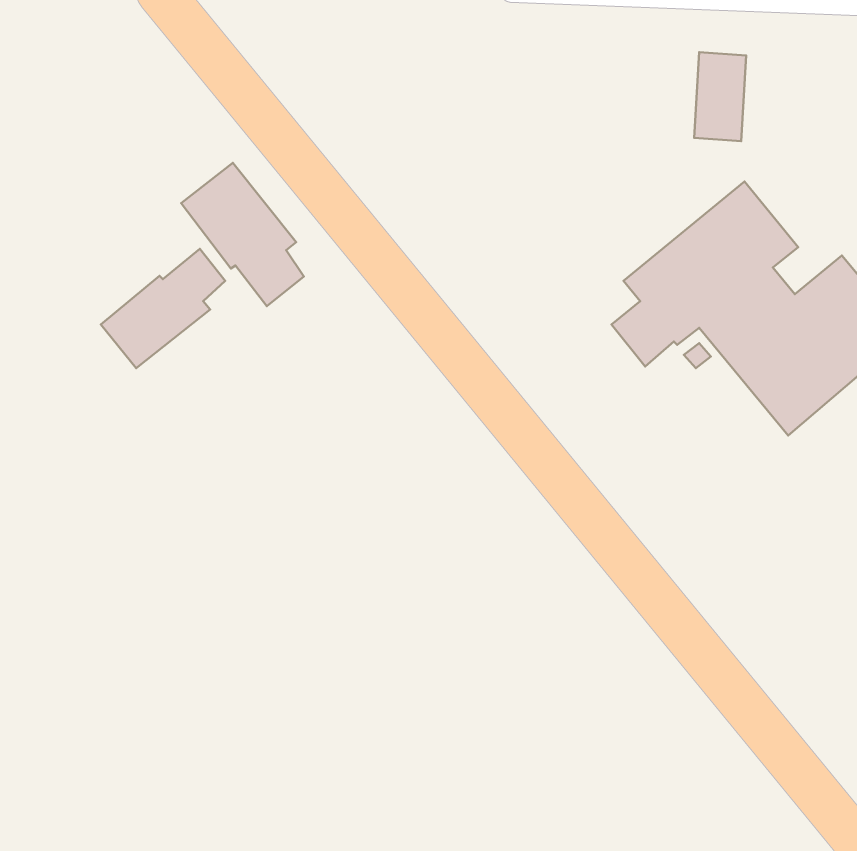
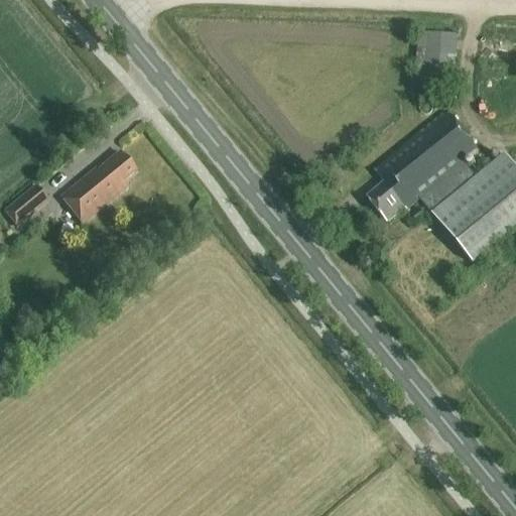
building: [181,163,304,306] -> none
building: none -> [5,182,48,224]

